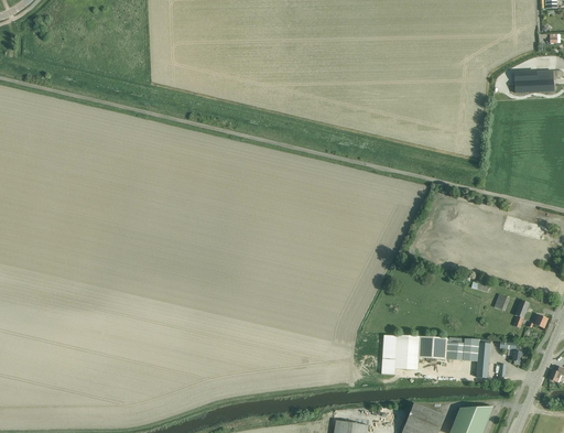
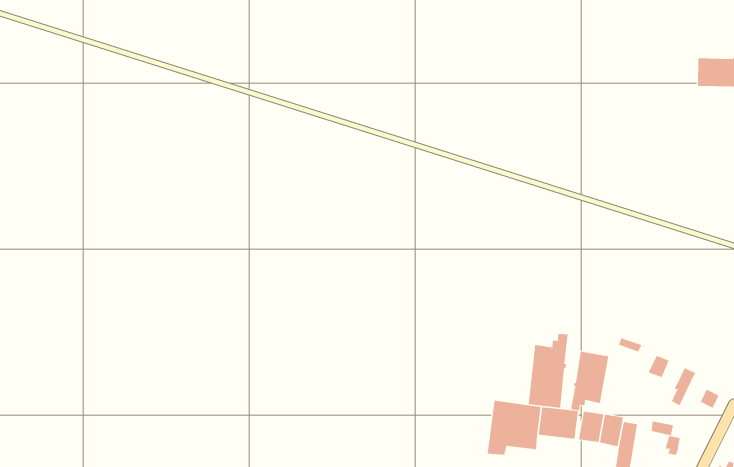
building: none -> [528,333,568,408]
building: none -> [571,351,609,411]

